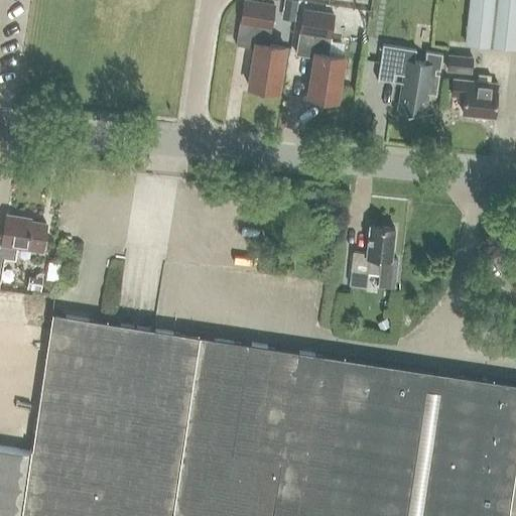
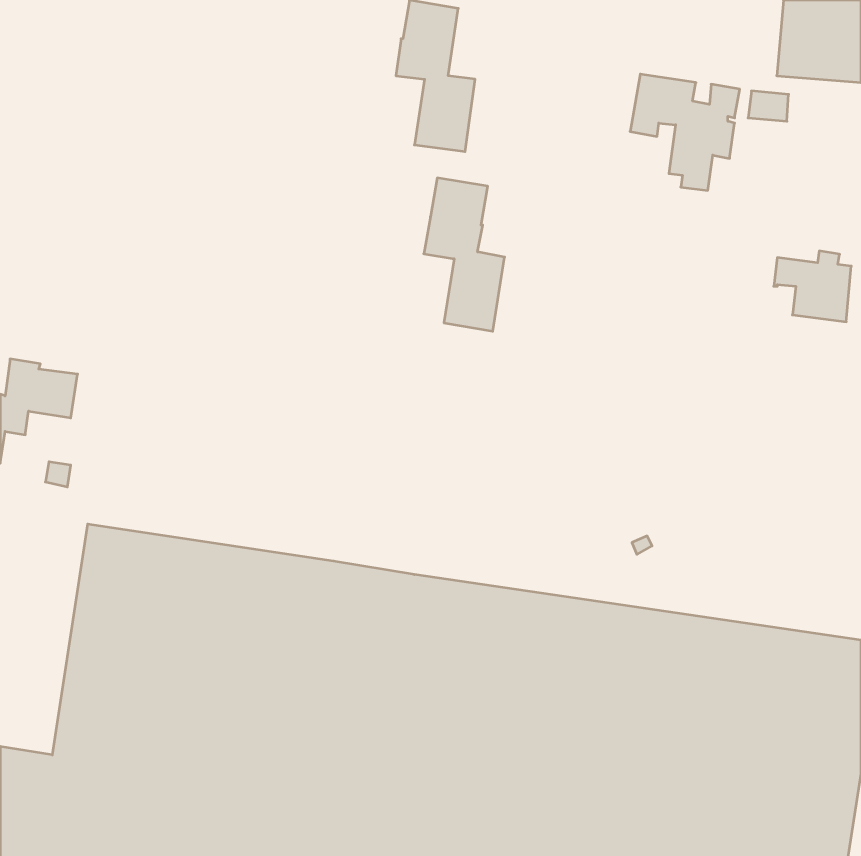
building: [295,12,344,104] -> [424,178,505,331]
building: [452,78,498,120] -> [774,251,851,322]
building: [350,228,398,291] -> none

